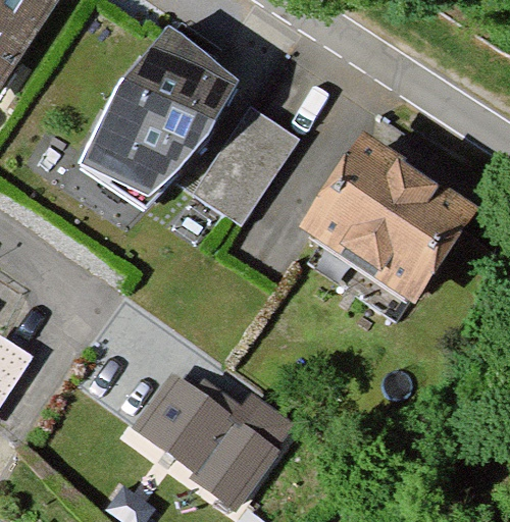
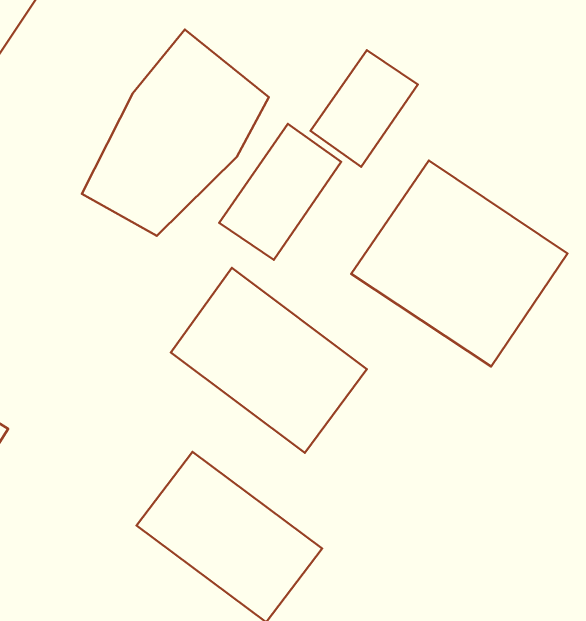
building: none -> [310,50,418,167]
building: none -> [171,268,367,453]

